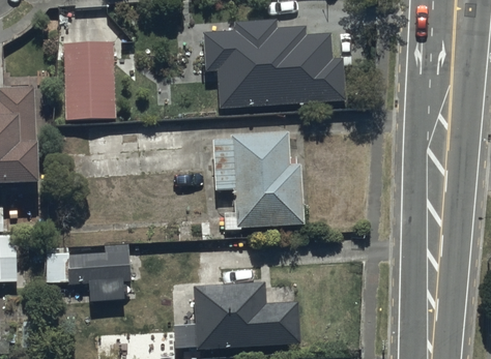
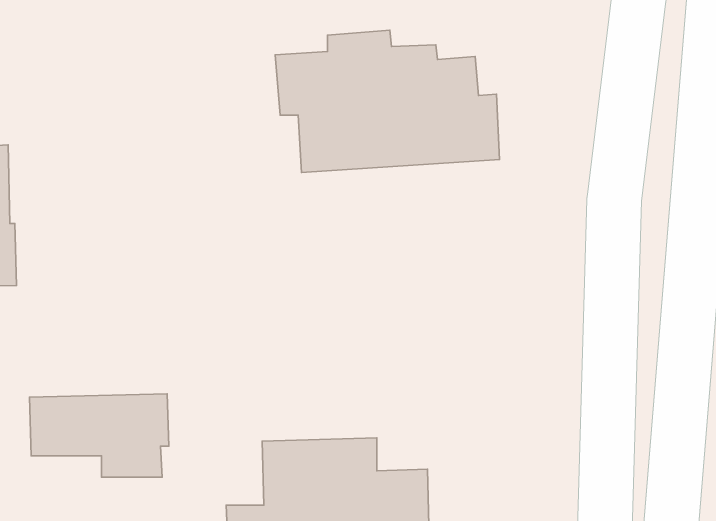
building: [62,47,115,125] -> none
building: [213,131,304,228] -> none

